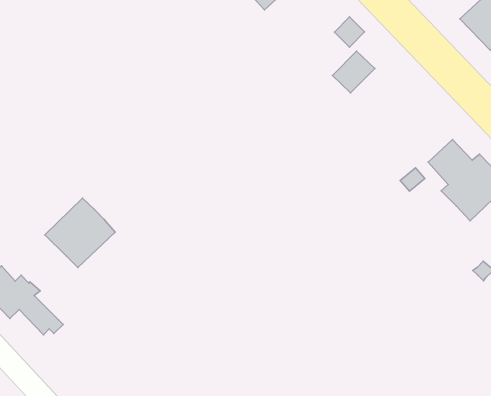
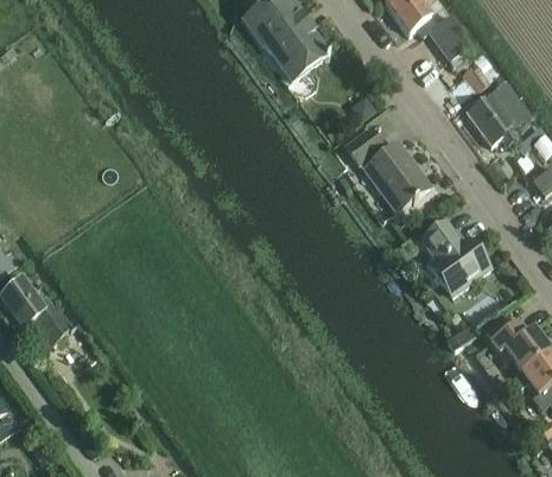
building: none -> [363,141,430,210]
building: [45,198,115,267] -> none

